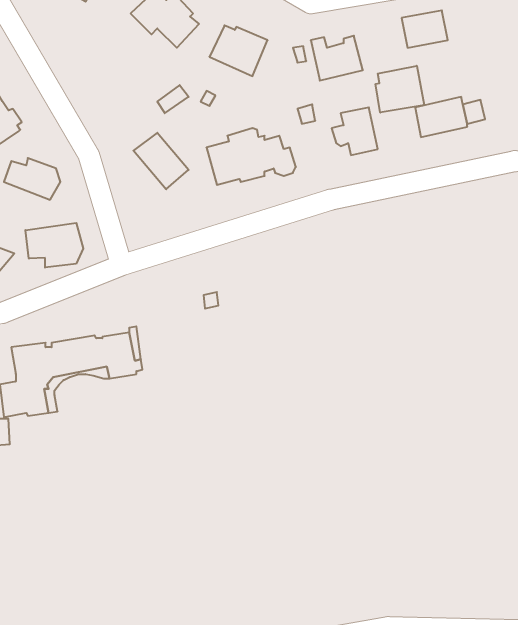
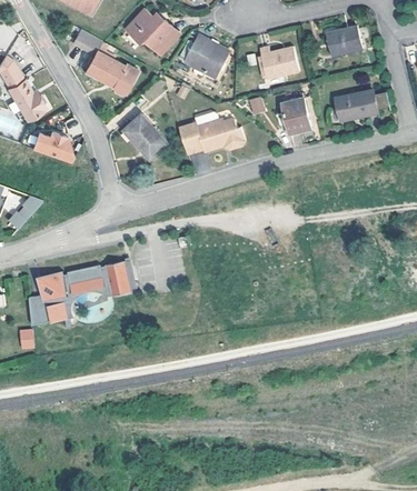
building: none -> [72,29,138,93]
building: [376,66,424,113] -> none
building: [25,223,83,268] -> none

